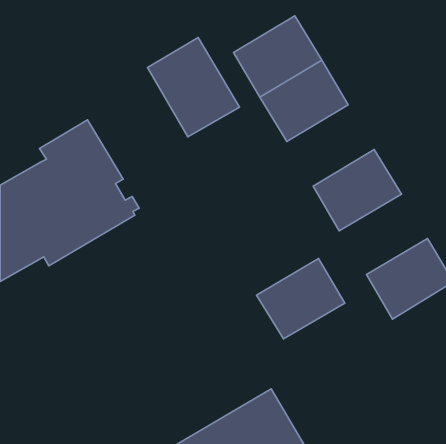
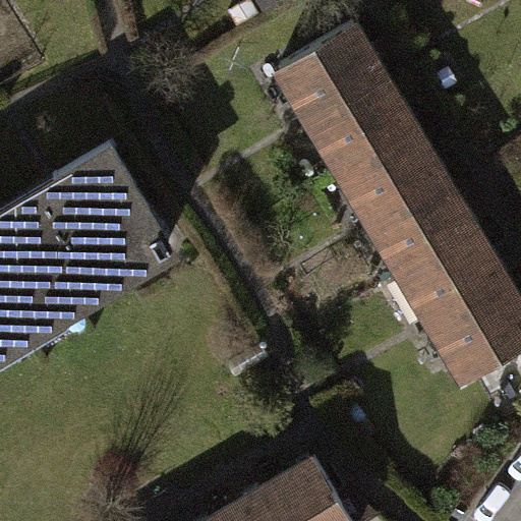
building: [148,37,239,137] -> none
building: none -> [335,125,437,220]
building: [257,258,345,339] -> [396,229,499,323]

